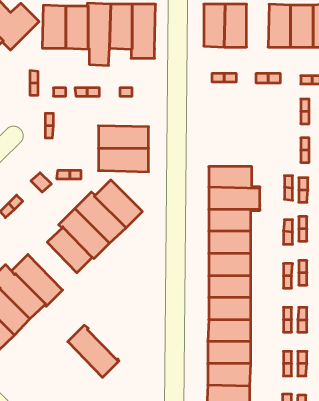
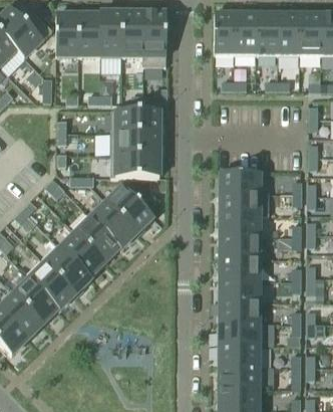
building: none -> [256,12,278,54]
building: none -> [110,110,159,133]
building: [68,325,119,377] -> [41,242,91,293]

